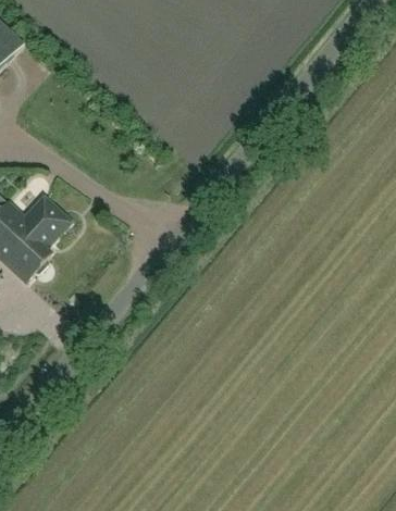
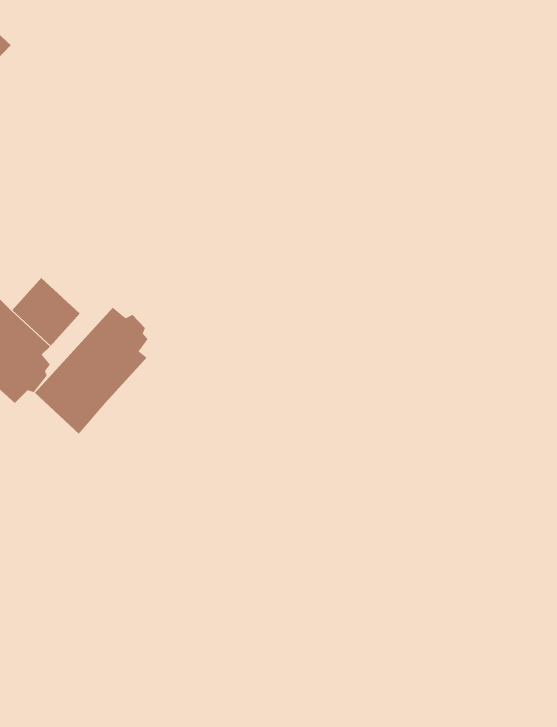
building: none -> [34,307,148,435]

